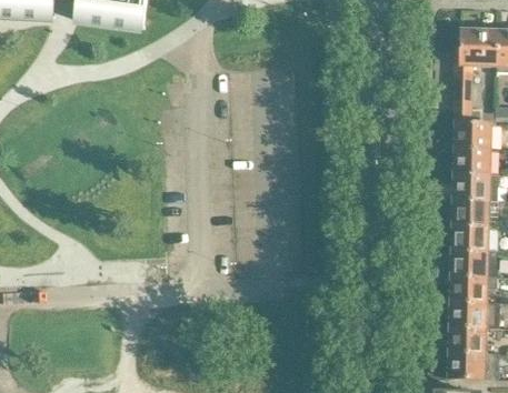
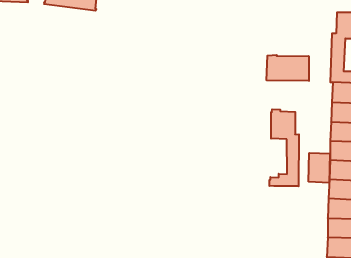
building: none -> [267,55,309,81]
building: none -> [269,109,299,186]
building: none -> [309,153,330,183]

